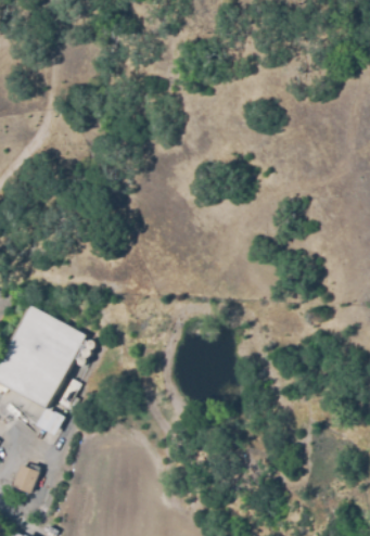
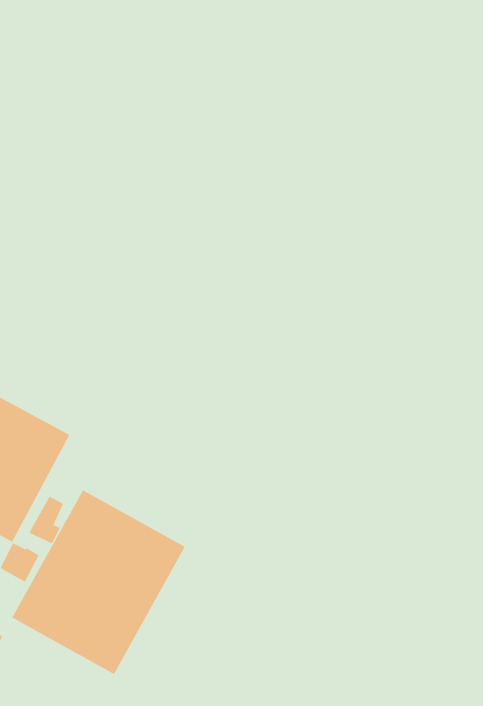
building: none -> [12,489,186,675]

